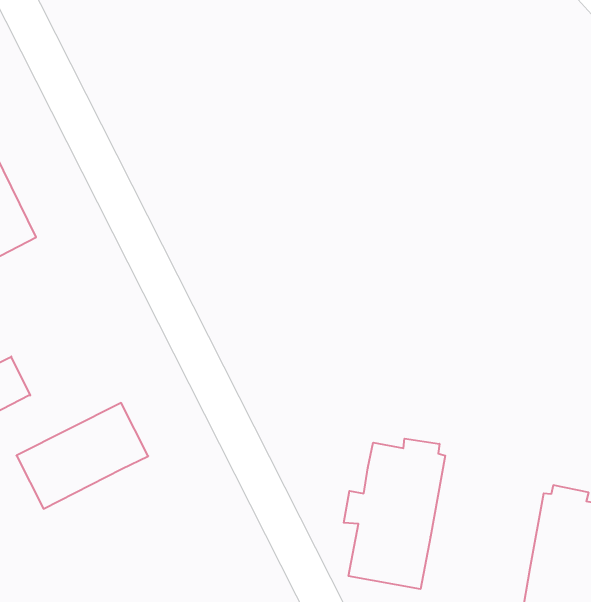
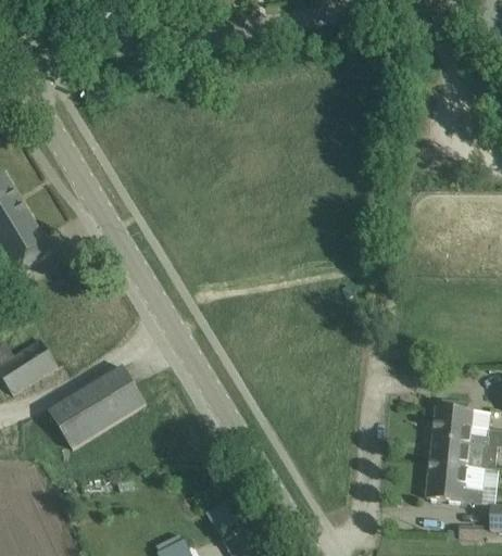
building: [344,439,445,589] -> none

